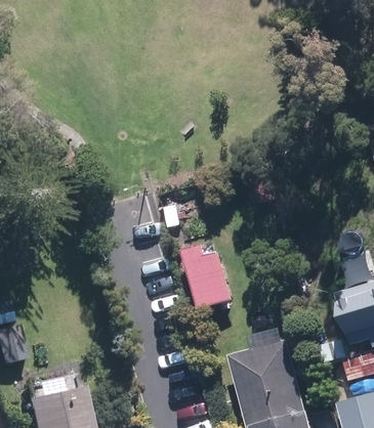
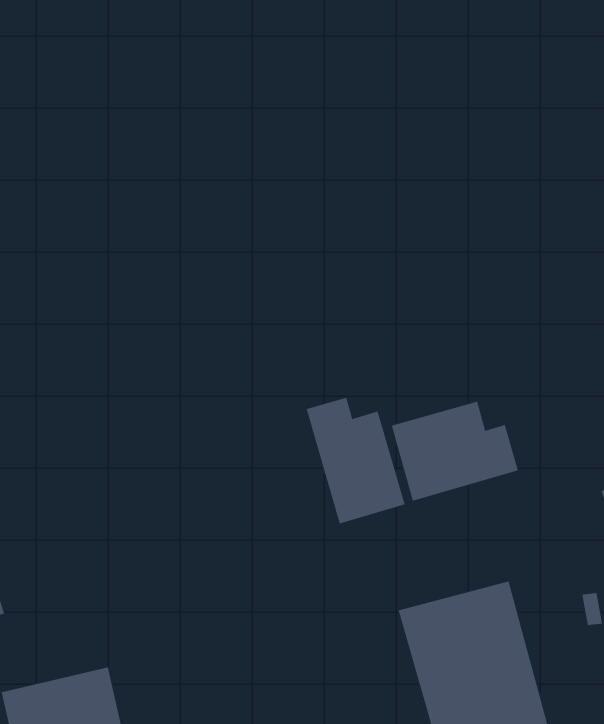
building: none -> [391,401,519,502]

